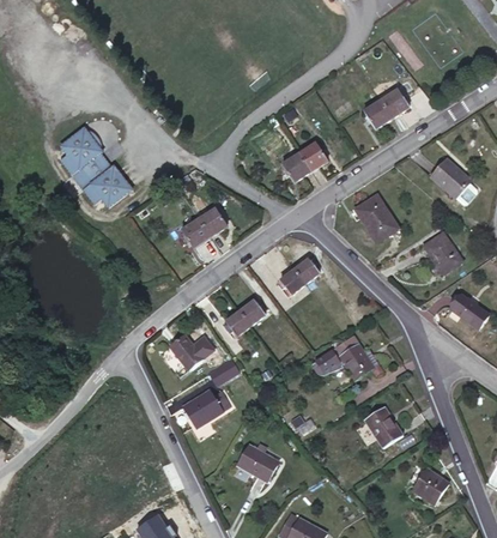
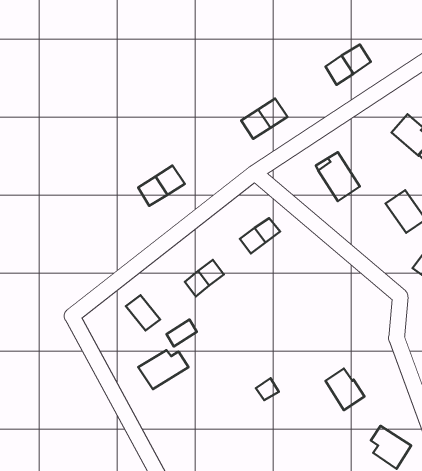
building: [59,126,132,206] -> none
building: [311,334,381,380] -> none
building: [237,443,278,480] -> none

